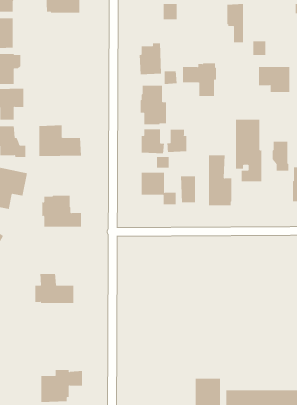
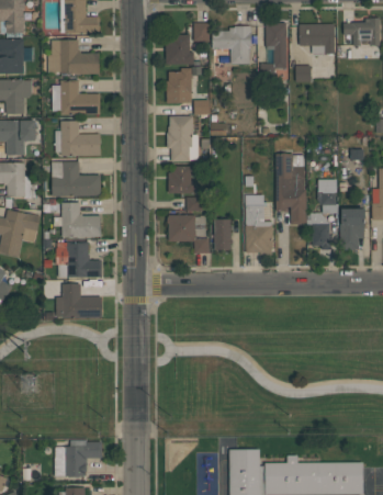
building: none -> [167,35,194,65]
building: none -> [48,41,100,75]
building: none -> [53,80,101,115]
building: [182,63,217,96] -> [213,26,252,65]
building: [258,66,290,92] -> [300,24,336,54]
building: none -> [56,121,101,156]
building: [167,129,187,153] -> none
building: none -> [54,203,101,237]
building: none -> [312,213,330,250]
building: [35,274,74,303] -> [57,284,102,318]

